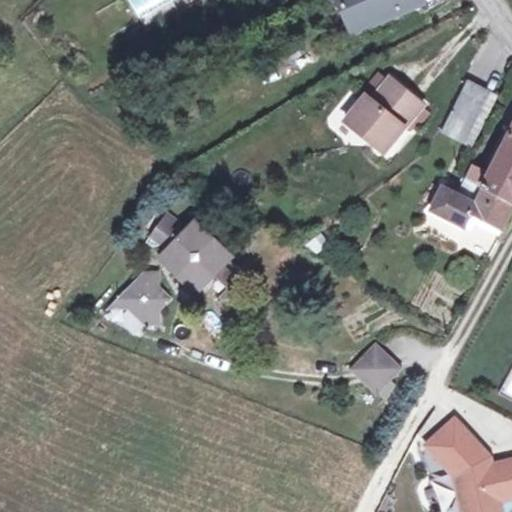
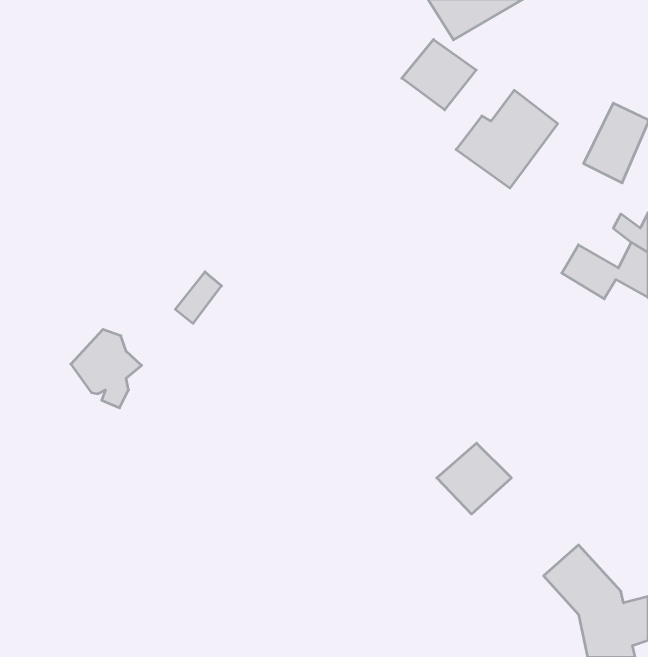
building: none -> [402,39,476,110]
building: [163,217,231,277] -> none
building: [118,269,173,330] -> [71,329,142,408]

